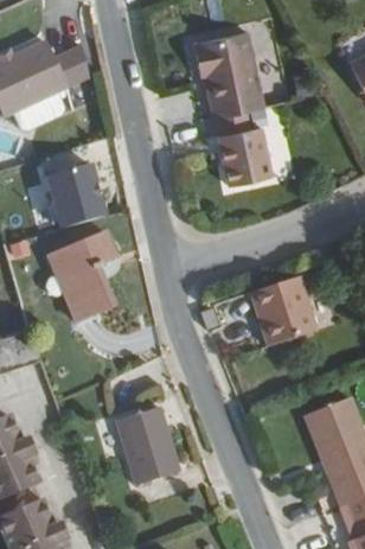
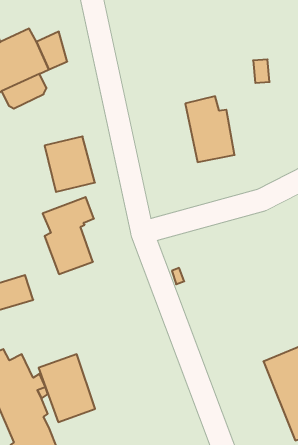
building: [193,39,263,125] -> none
building: [252,283,318,352] -> none
building: [116,411,181,490] -> [39,354,95,422]

